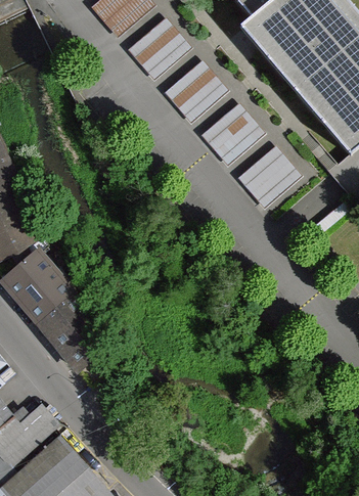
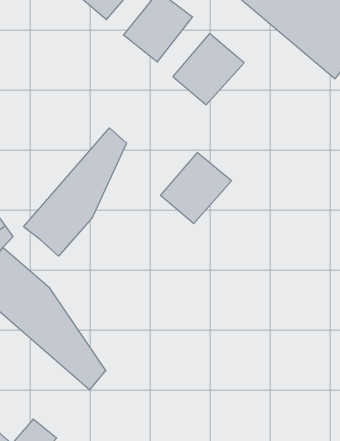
building: [241,143,304,204] -> [161,152,232,224]
building: none -> [24,128,127,256]

